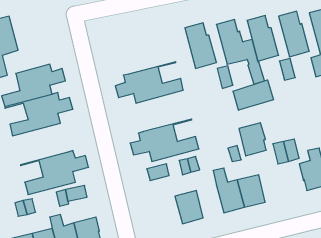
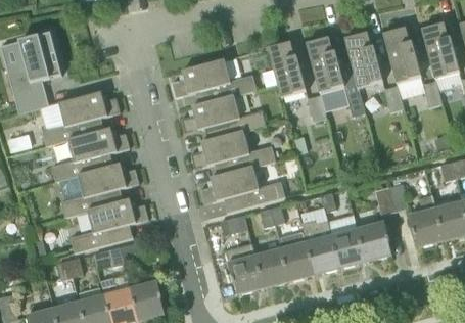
building: none -> [172,58,255,104]
building: [233,80,274,110] -> none
building: none -> [190,124,275,175]
building: none -> [54,163,138,216]
building: [239,123,266,156] -> [358,221,391,262]
building: none -> [281,241,315,281]
building: none -> [225,243,264,294]

